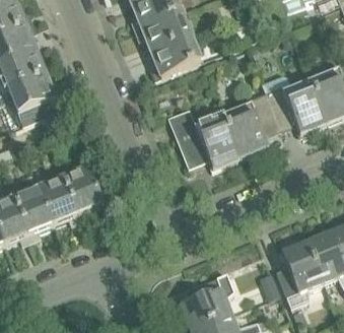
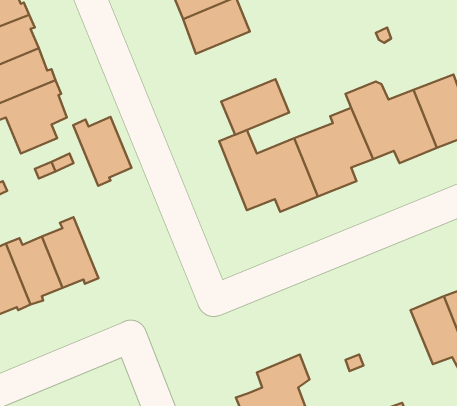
building: [150,36,200,76] -> [221,79,289,135]
building: [61,165,104,216] -> [73,117,131,186]
building: [277,240,324,306] -> none

